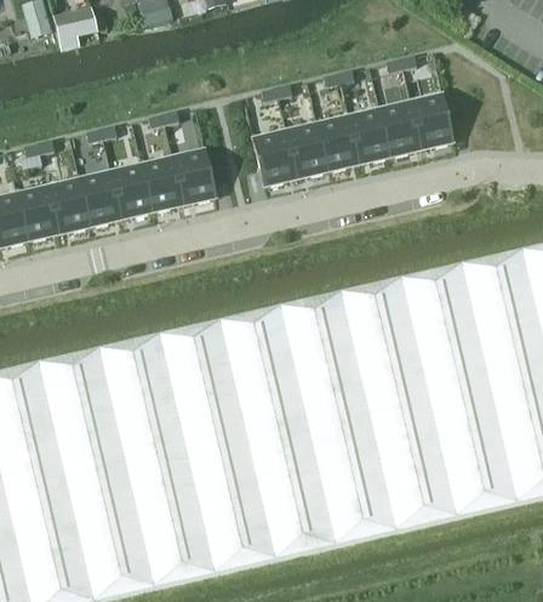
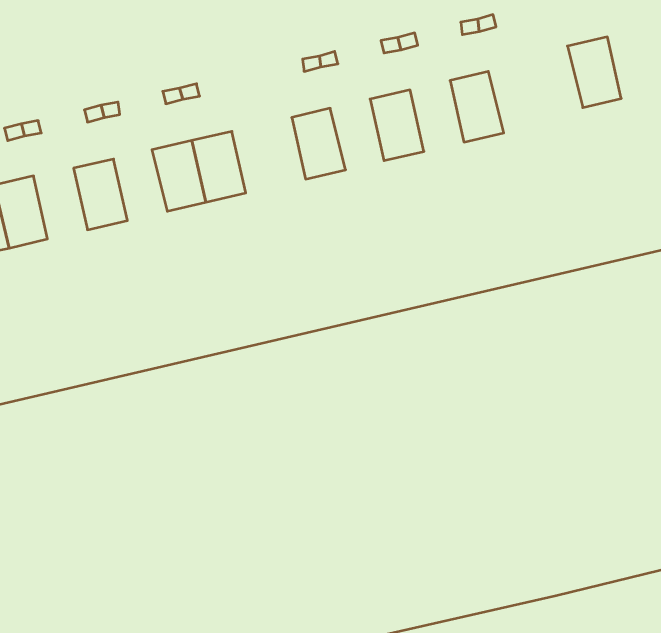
building: [402,96,445,152] -> [567,37,621,108]
building: [341,110,383,166] -> none
building: [278,125,320,181] -> none
building: [107,165,149,221] -> none
building: [44,180,86,235] -> none

